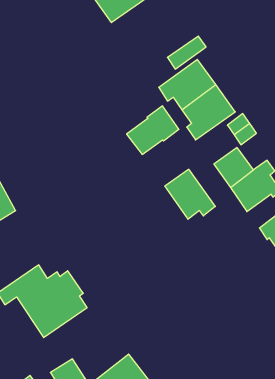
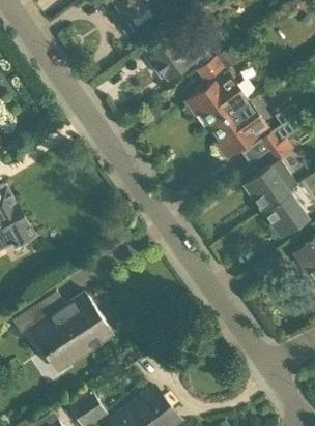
building: [127,106,179,154] -> [151,28,207,80]
building: [165,169,215,219] -> none

